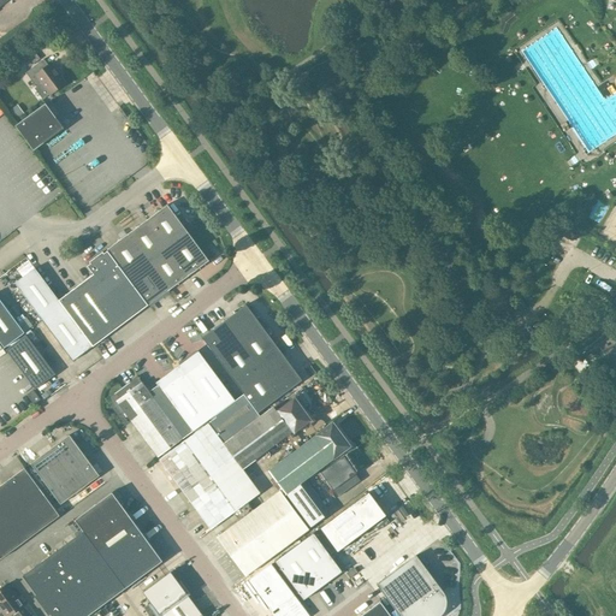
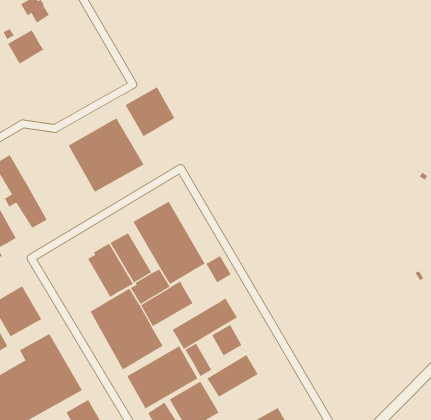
building: none -> [125,87,175,137]
building: [59,253,148,348] -> none
building: [117,383,184,458] -> none
building: [276,398,310,434] -> [206,255,232,283]

